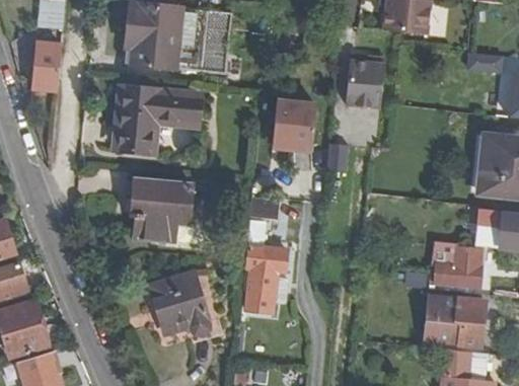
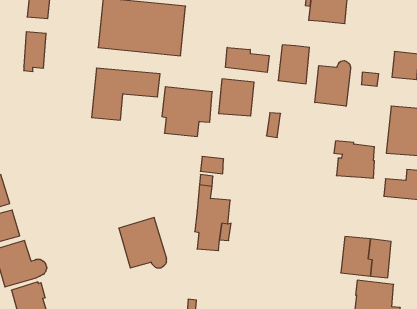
building: none -> [226,47,269,72]
building: none -> [315,61,351,106]
building: [130,179,192,240] -> [162,87,212,136]
building: [431,241,480,287] -> [334,141,374,178]

